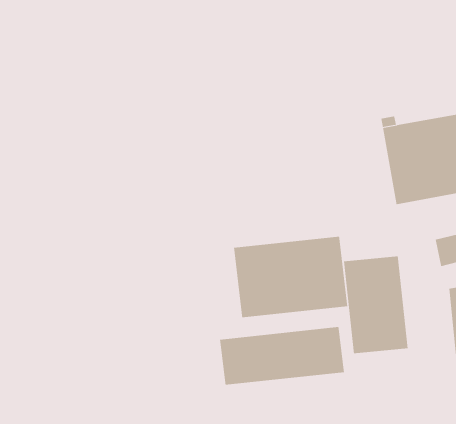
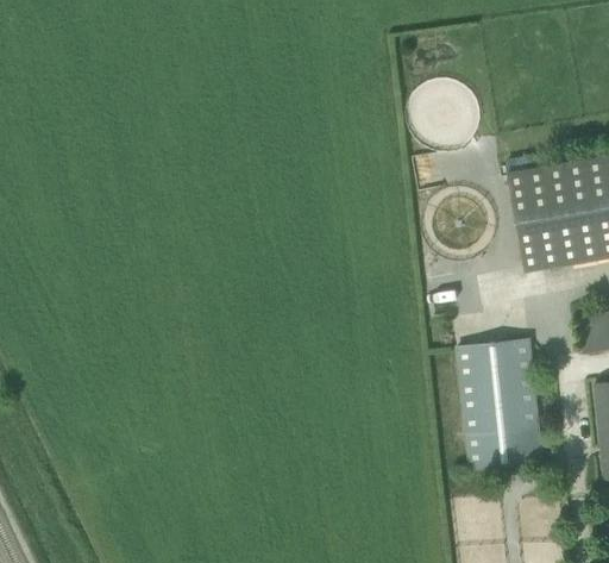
building: [233,236,348,318] -> none
building: [220,326,344,386] -> none

